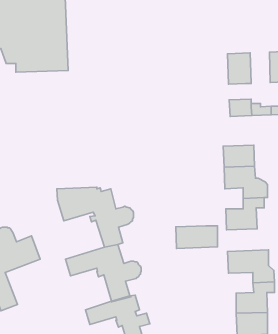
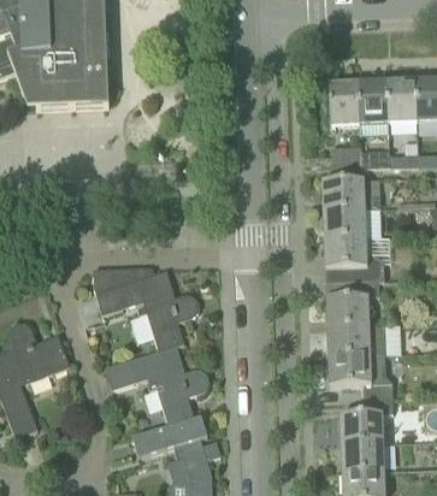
building: none -> [359,81,386,135]
building: none -> [321,179,380,211]
building: [176,226,218,249] -> [326,325,384,356]

